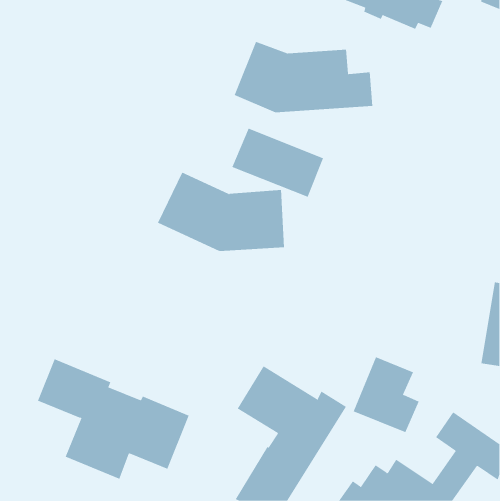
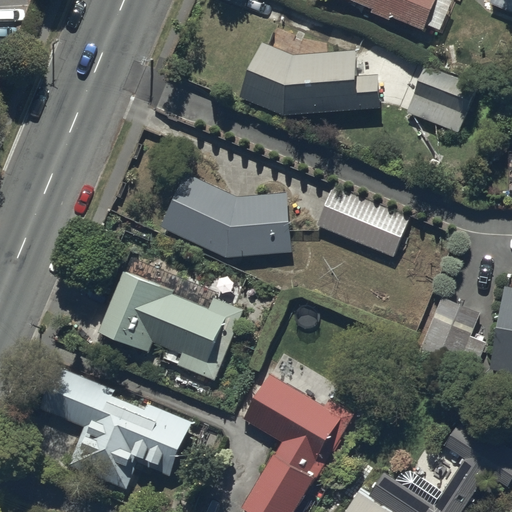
building: none -> [405,66,476,134]
building: [232,128,324,198] -> [315,186,409,257]
building: none -> [99,271,244,382]
building: [353,356,420,433] -> [417,296,485,374]

